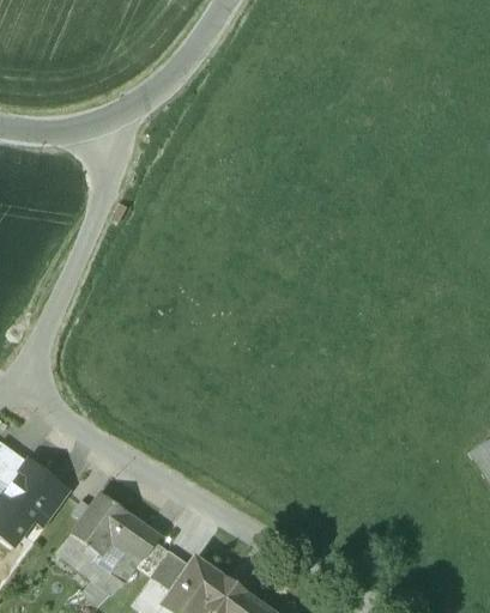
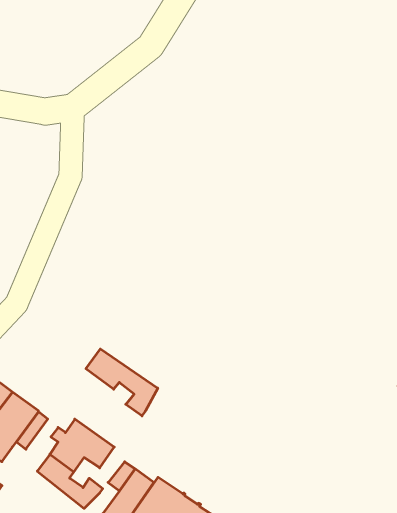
building: none -> [86,349,158,416]
building: [119,526,163,573] -> none

